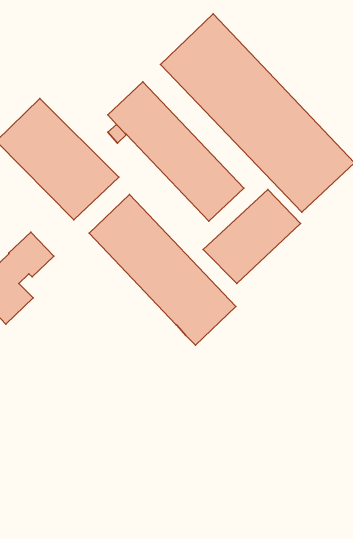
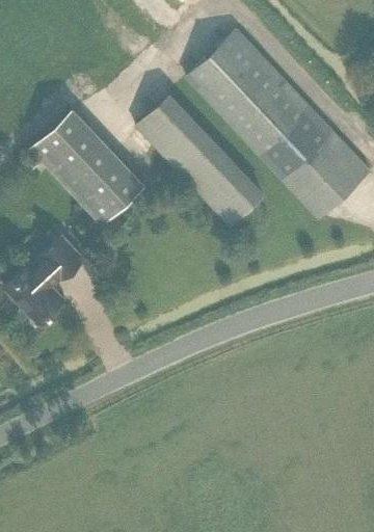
building: [203,189,300,284] -> none
building: [89,195,236,345] -> none

